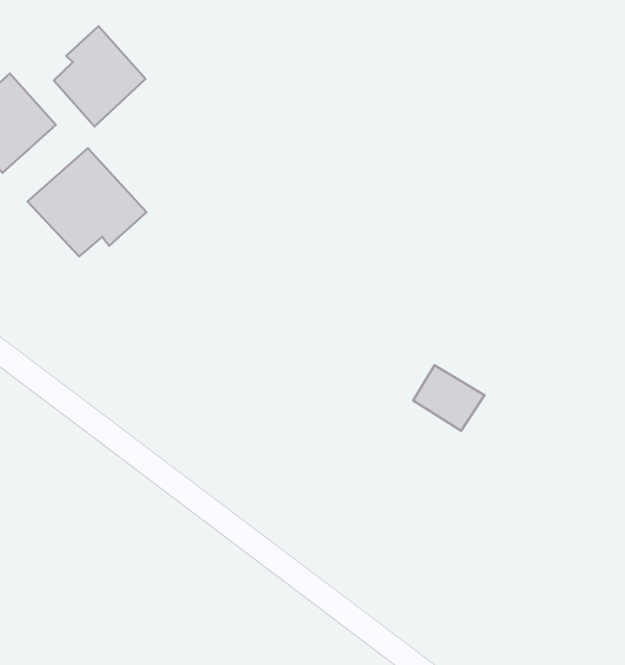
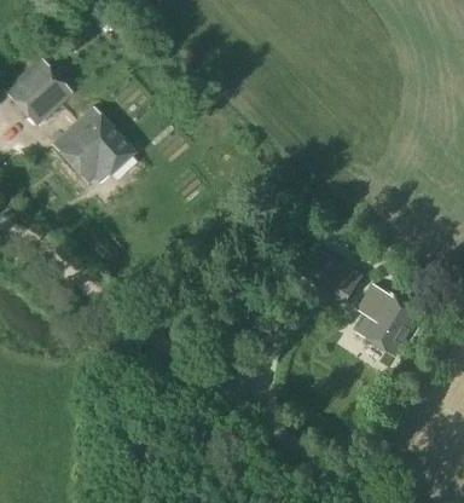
building: [54,26,146,127] -> none
building: none -> [359,284,423,355]

